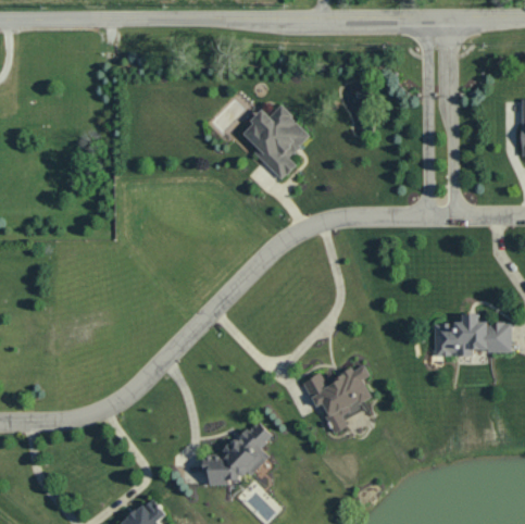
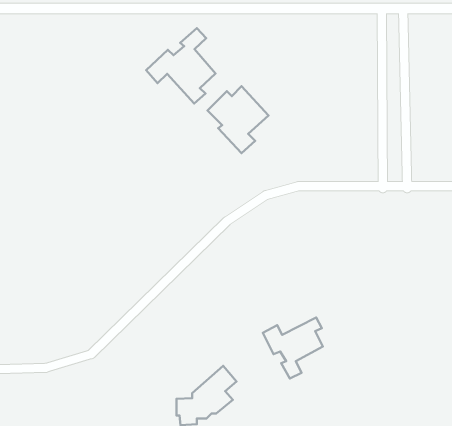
building: none -> [146,28,216,104]
building: [434,312,512,355] -> none

